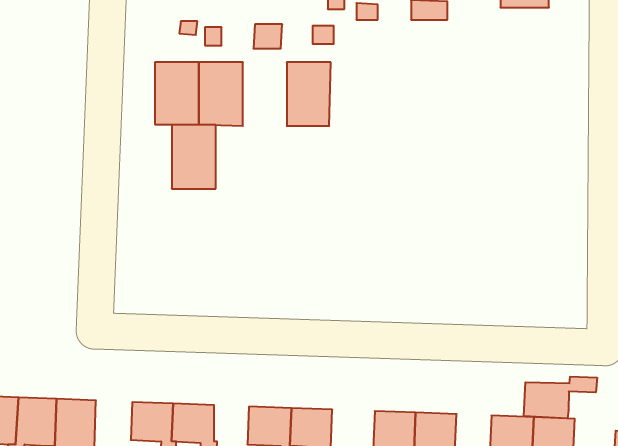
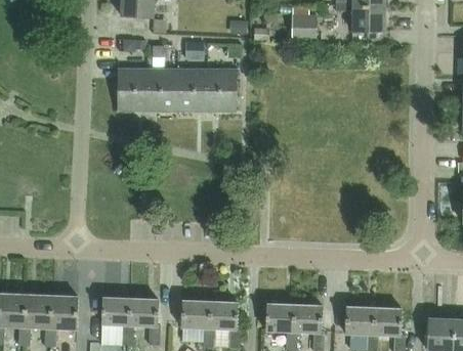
building: [172,125,216,189] -> [178,69,208,112]
building: [524,377,597,418] -> none

